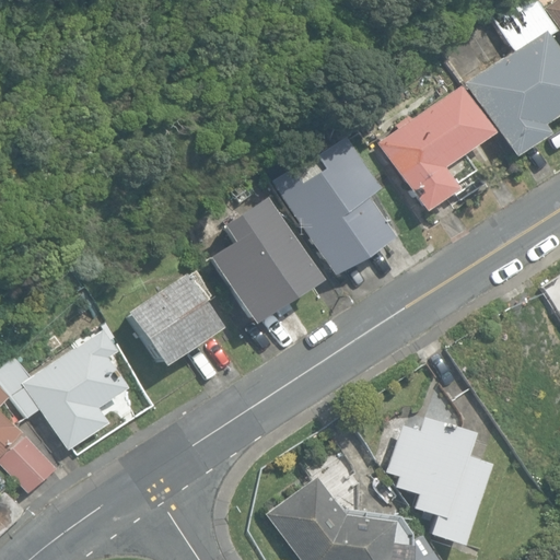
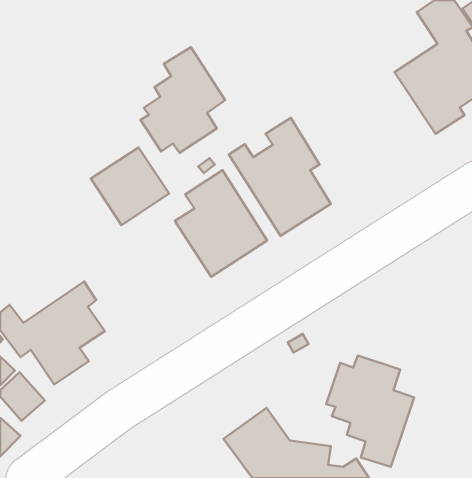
building: none -> [141,47,225,153]
building: [381,88,495,212] -> none
building: [127,277,219,368] -> [91,148,169,225]

